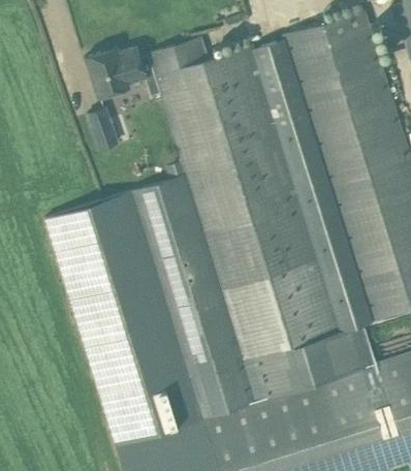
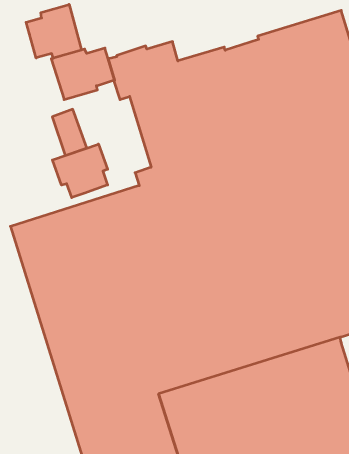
building: none -> [26,4,81,58]
building: none -> [52,144,108,198]

